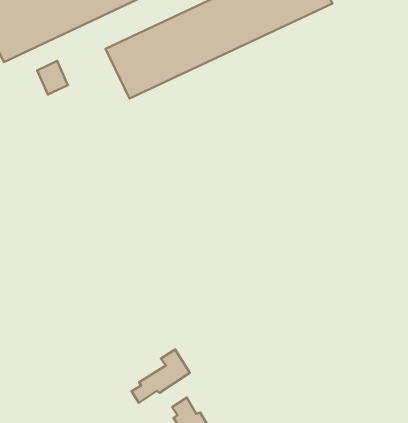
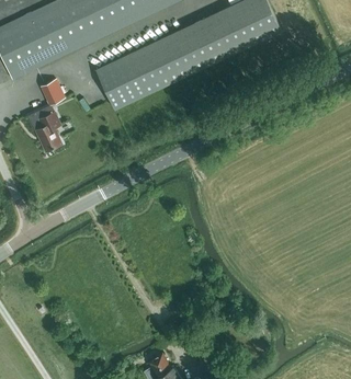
building: none -> [36,112,60,150]
building: [132,350,190,403] -> none

